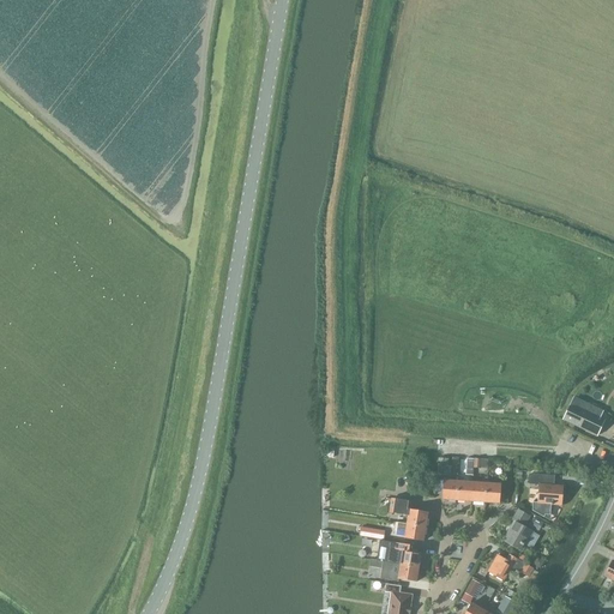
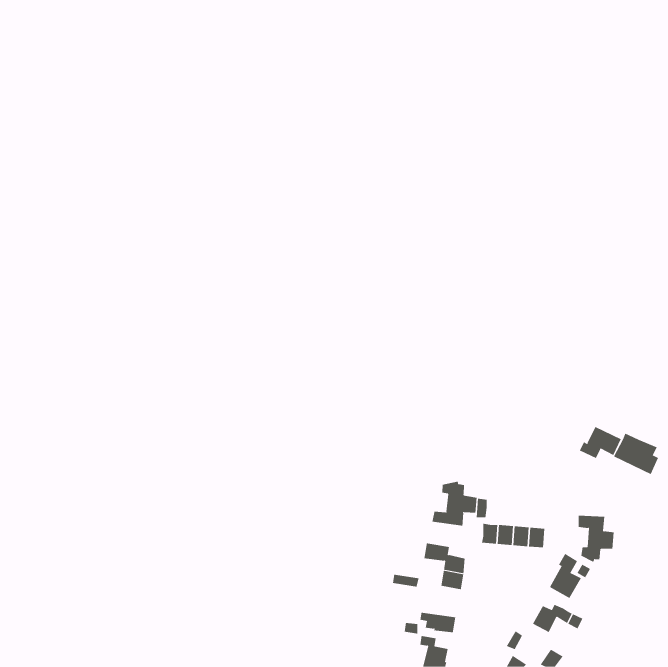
building: none -> [579,426,622,459]
building: none -> [432,481,477,527]
building: [386,541,421,566] -> none

